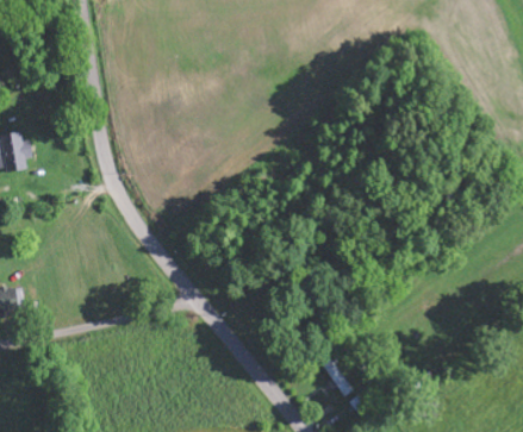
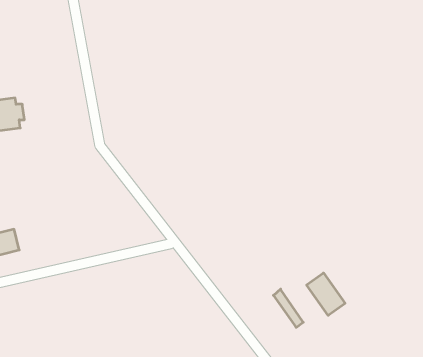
building: none -> [307,273,345,315]

